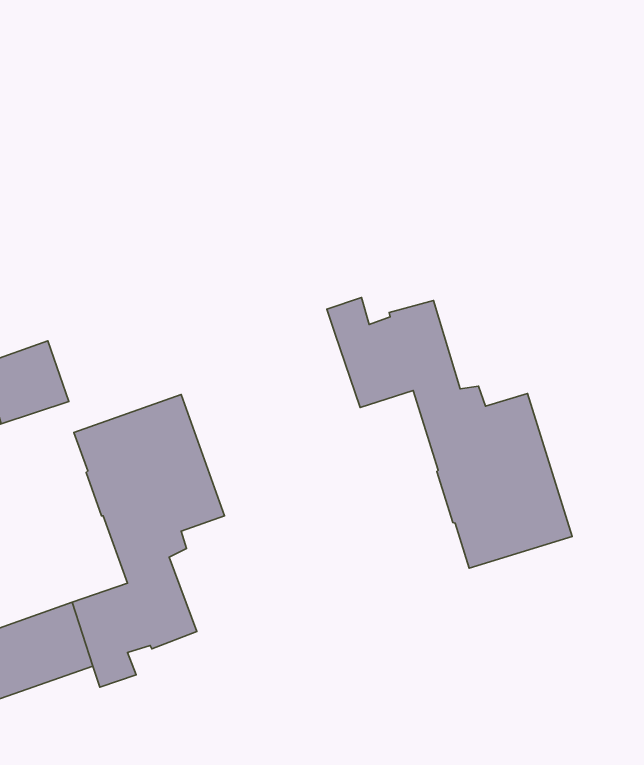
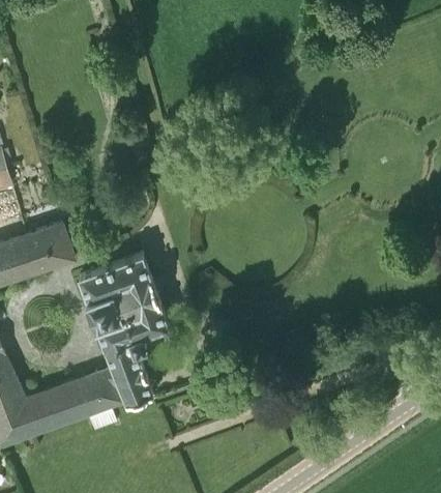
building: [327,298,572,568] -> none

